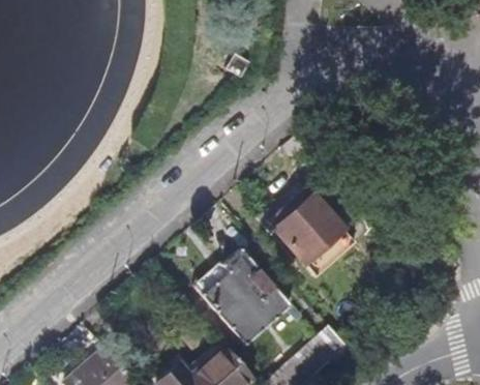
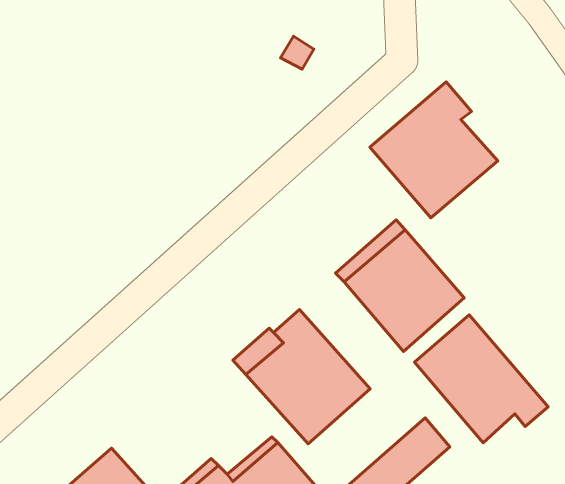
building: none -> [370,82,498,218]
building: none -> [414,315,548,443]

